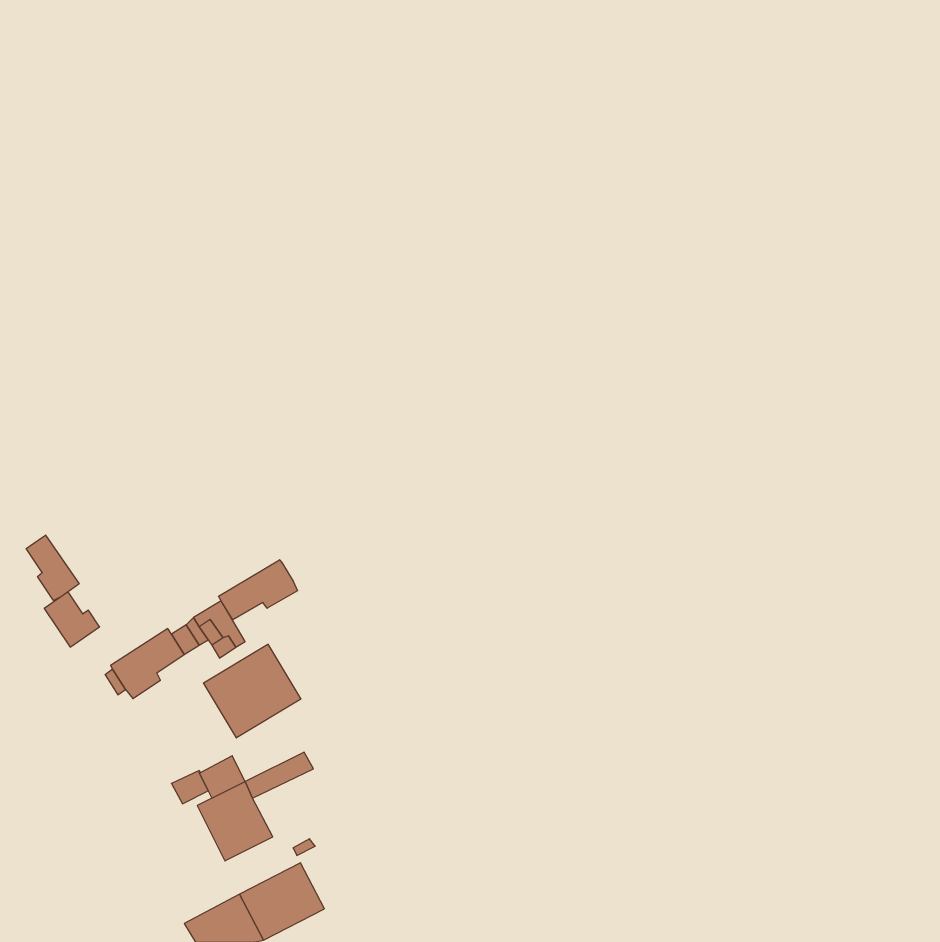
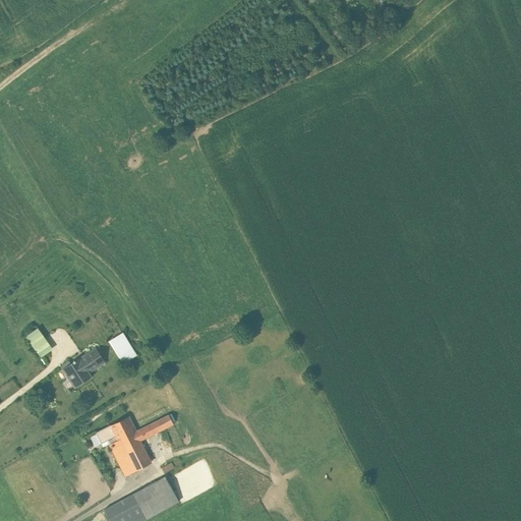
building: [26,535,79,601] -> none
building: [219,560,297,620] -> none
building: [204,644,301,738] -> none

